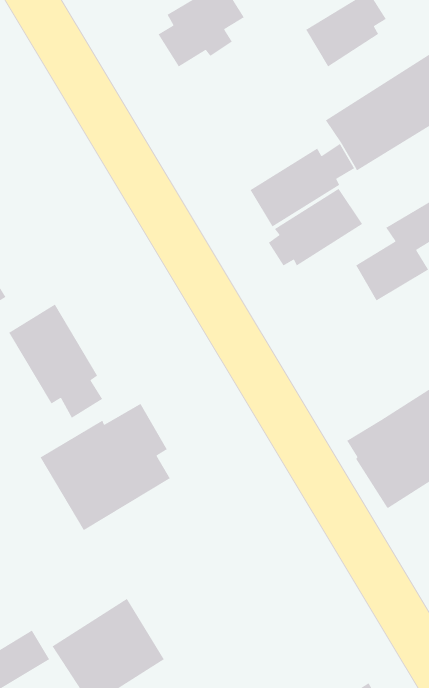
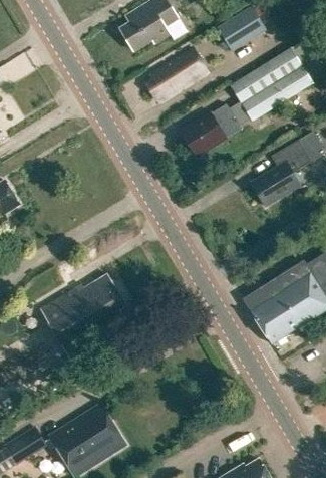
building: [268,188,363,267] -> [144,48,208,100]
building: [8,304,103,419] -> none

